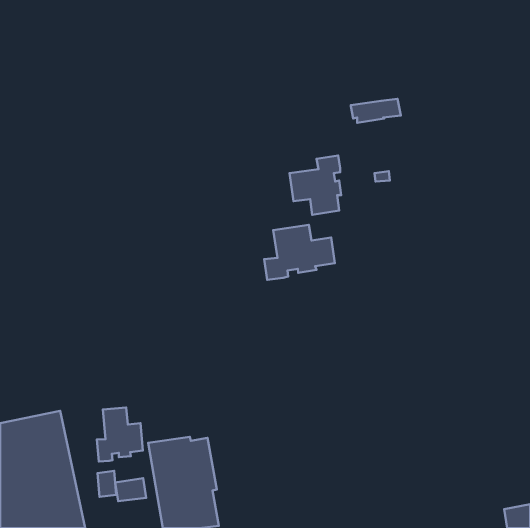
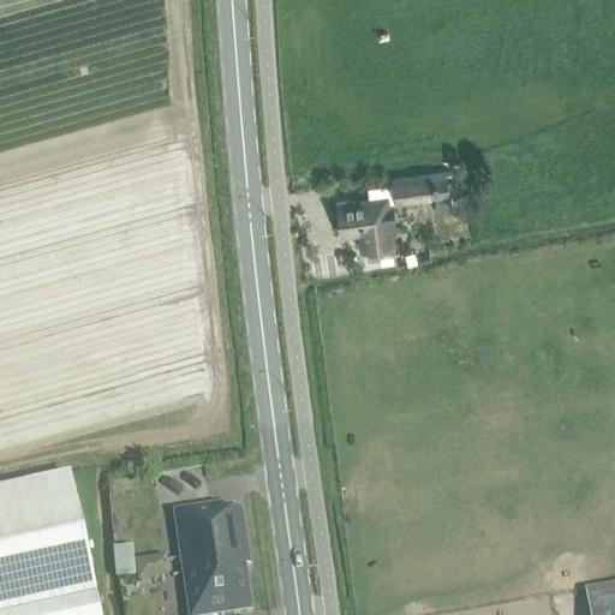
building: [351,99,401,123] -> [392,172,449,199]
building: [264,225,335,280] -> none
building: [97,408,143,462] -> none

